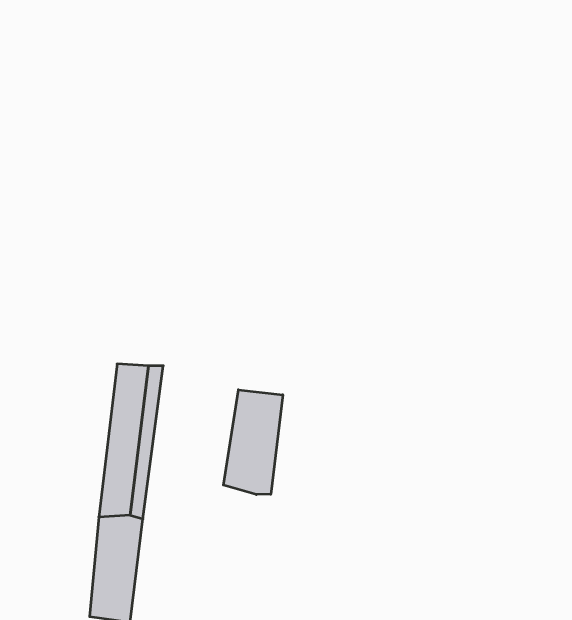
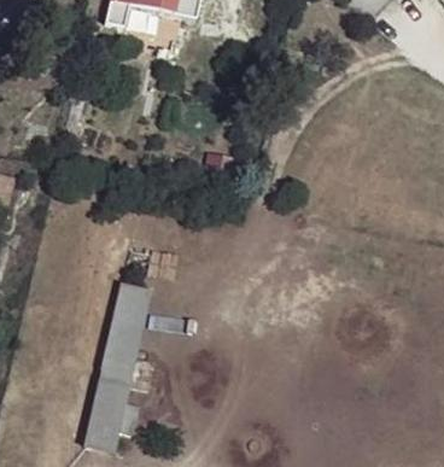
building: [223,390,283,495] -> none

